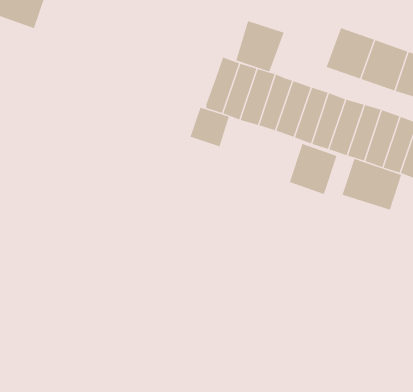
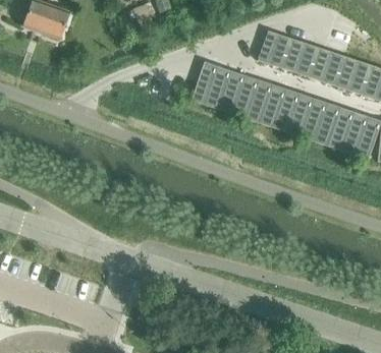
building: [235,21,284,72] -> [258,30,295,69]
building: [190,107,229,147] -> none
building: [289,143,337,195] -> none
building: [342,158,402,210] -> none

